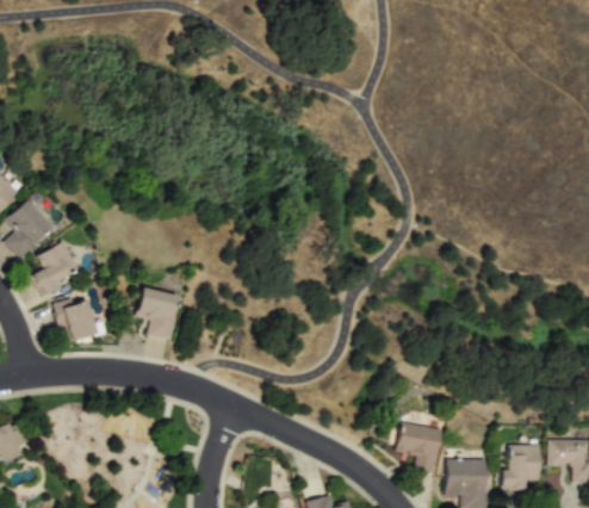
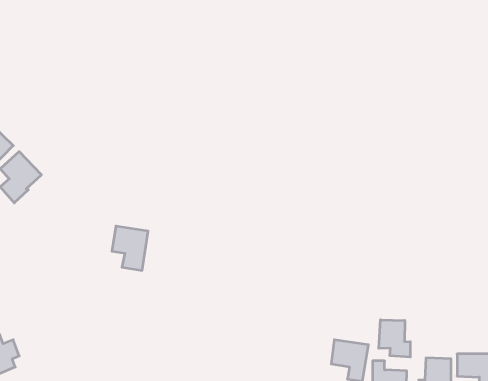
building: [33,241,81,292] -> none
building: [55,298,98,342] -> none
building: none -> [379,320,410,357]

